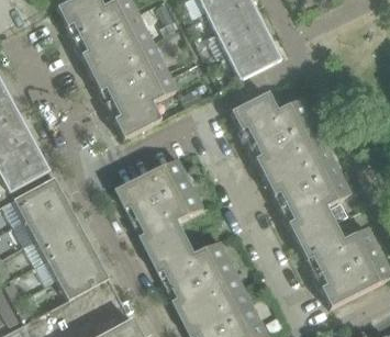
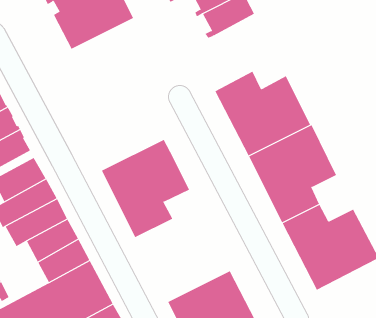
building: [229,36,280,82] -> none
building: [89,41,176,138] -> none
building: [152,237,245,318] -> none

